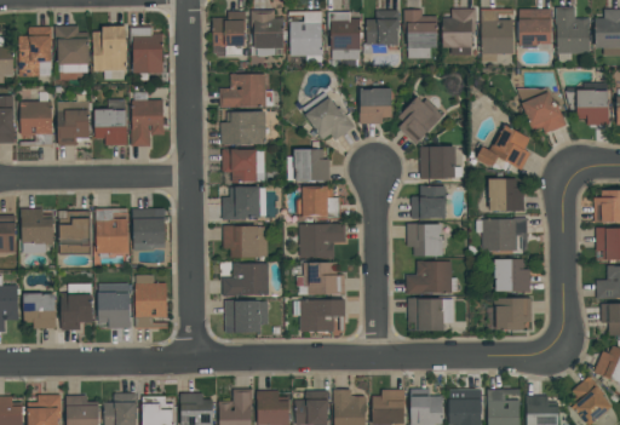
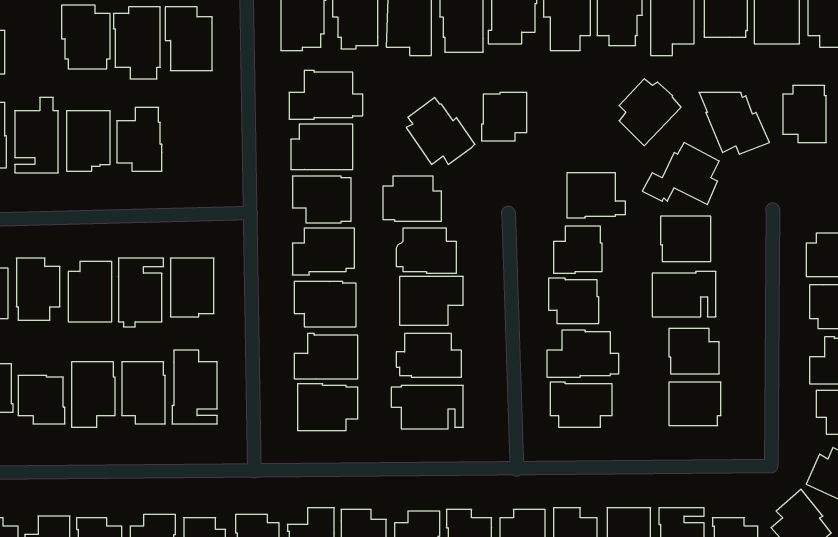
building: [19,27,52,76] -> none
building: [131,92,165,147] -> none
building: [398,97,443,145] -> [619,79,681,146]

